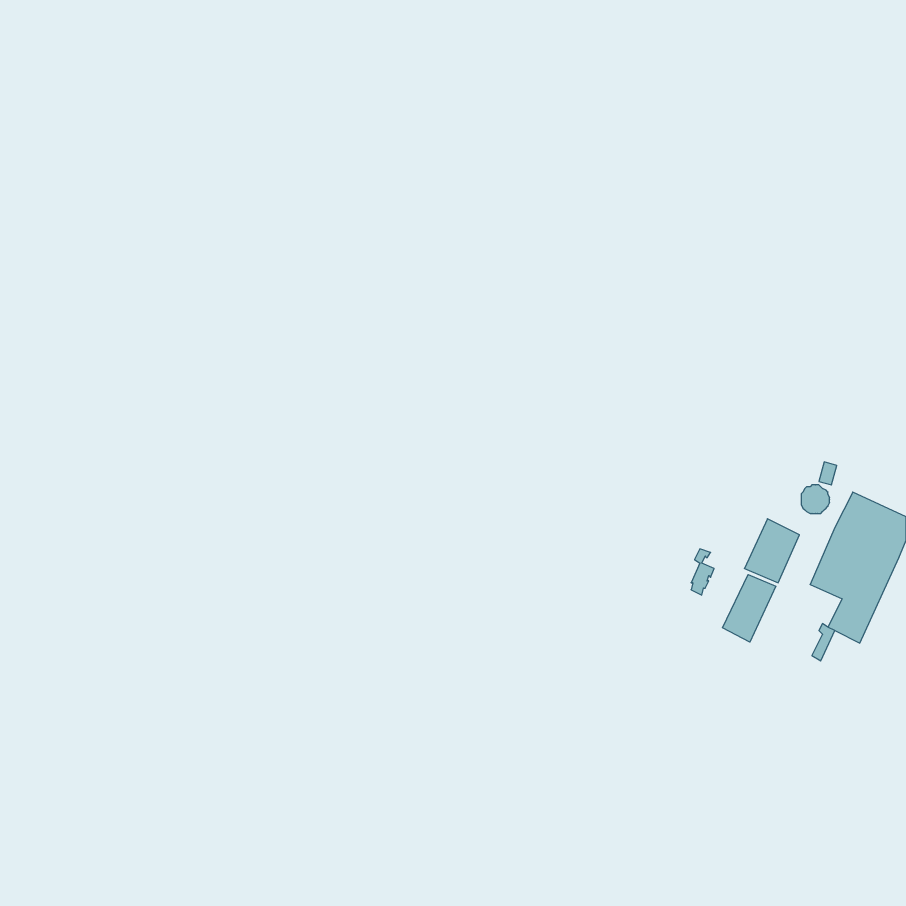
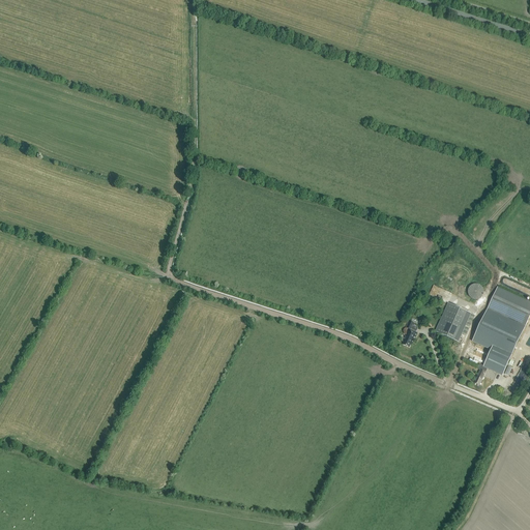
building: [723,575,776,642] -> none

